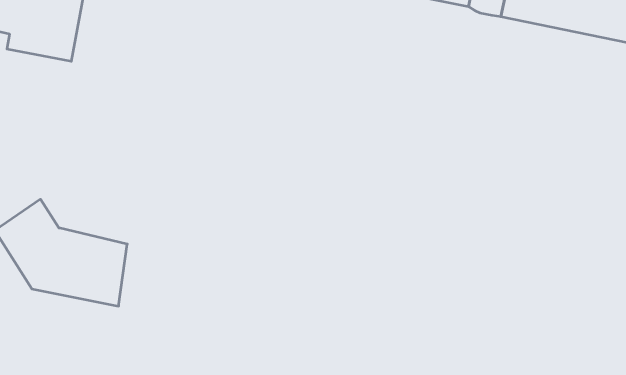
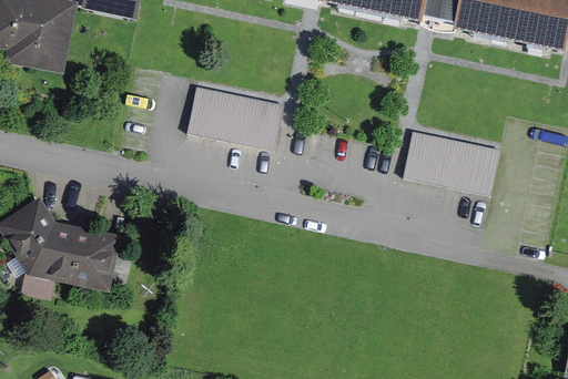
building: none -> [182,90,278,146]
building: none -> [403,136,499,194]

